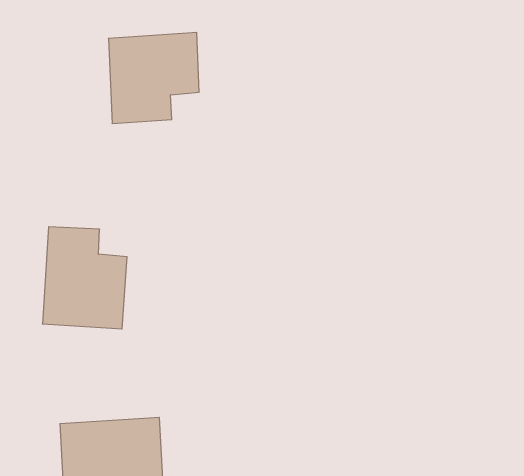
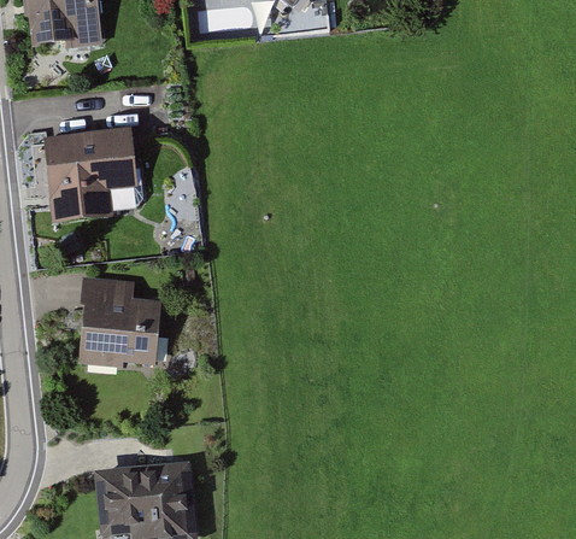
building: [108,32,199,123] -> [49,130,137,218]

